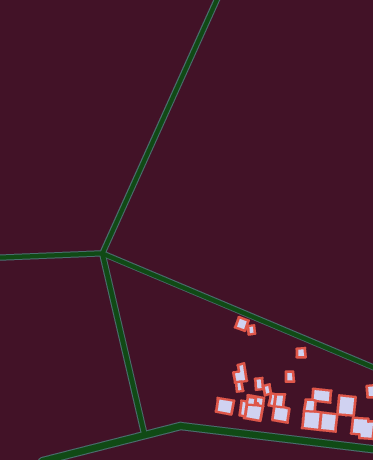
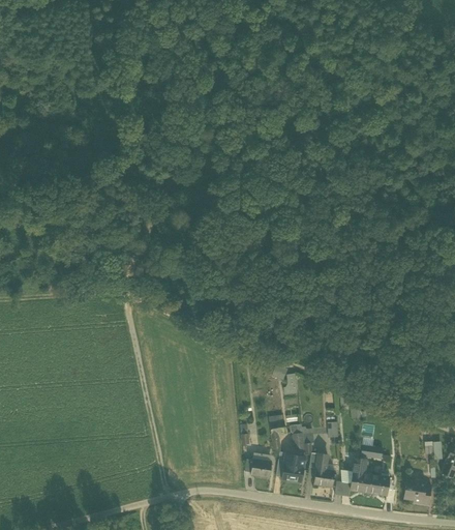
building: [338,395,355,416] -> none

